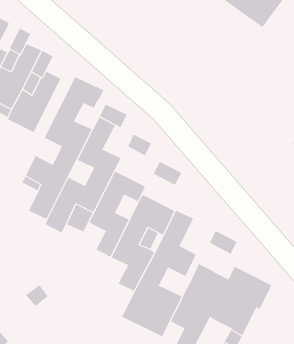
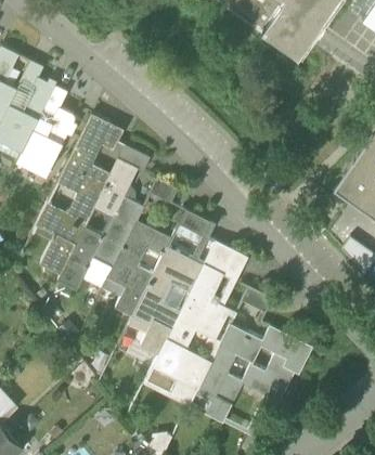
building: none -> [204,240,243,278]

